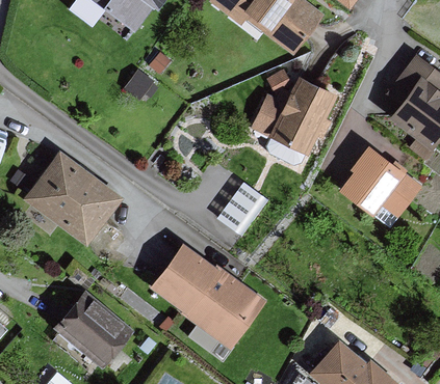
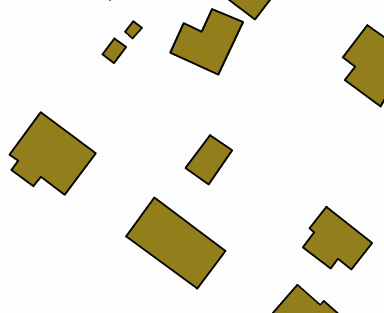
building: [254,79,334,150] -> [170,9,243,74]
building: [343,146,419,215] -> [303,207,372,269]
building: [55,292,132,366] -> none

